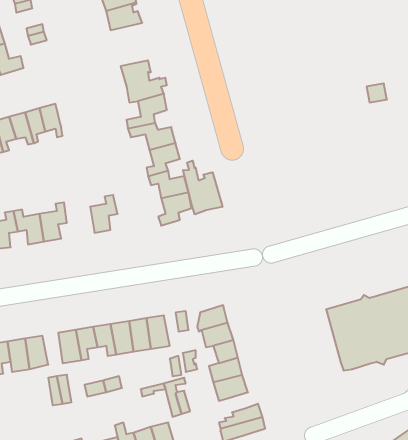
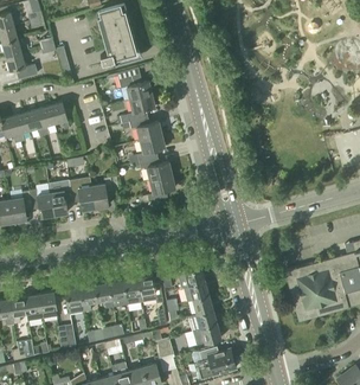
building: none -> [101,36,142,68]
building: [183,161,222,214] -> none
building: none -> [71,179,96,210]

